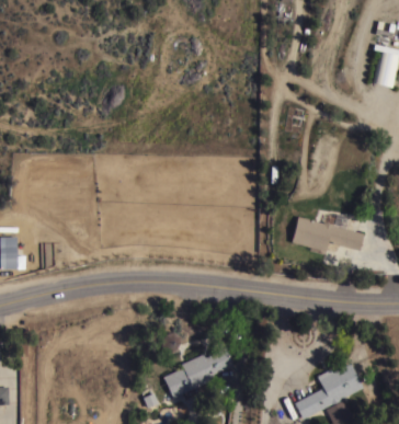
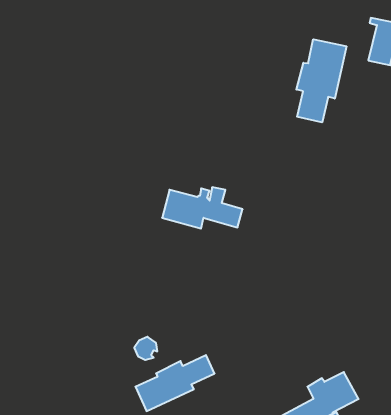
building: none -> [296,39,346,122]
building: [292,215,364,252] -> [162,187,243,229]

